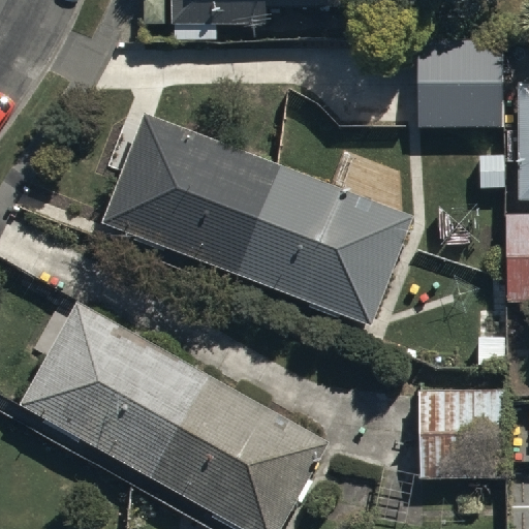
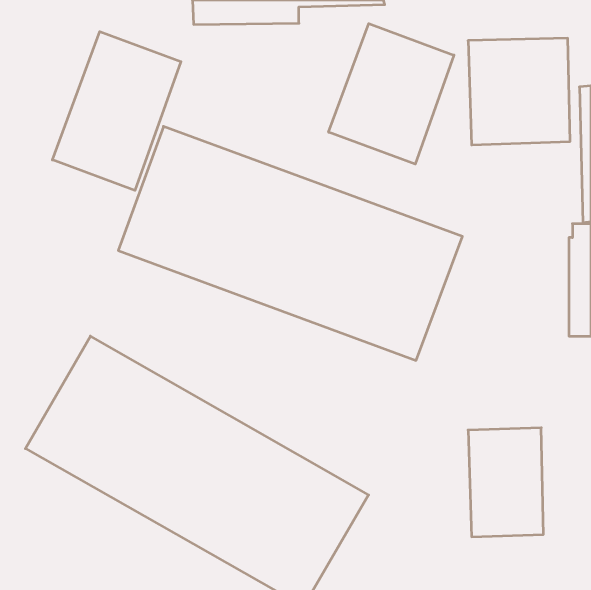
building: none -> [329,24,454,164]
building: none -> [52,32,181,190]

